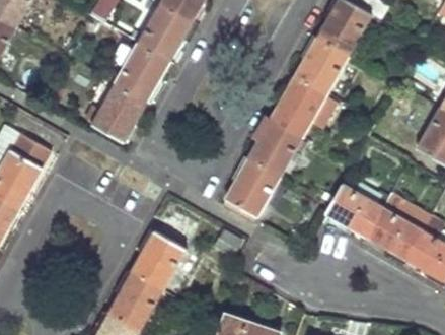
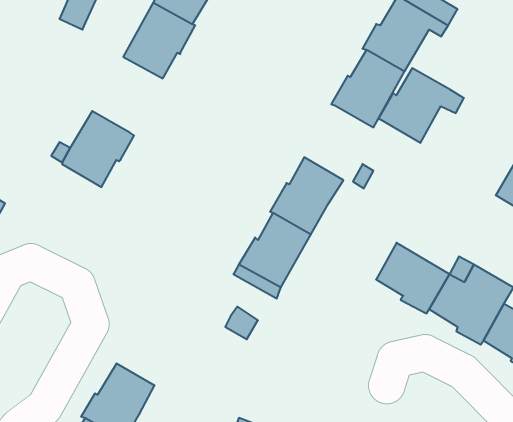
building: [115,44,169,100] -> none
building: [271,80,335,136] -> [378,68,464,143]
building: [130,231,184,289] -> none

